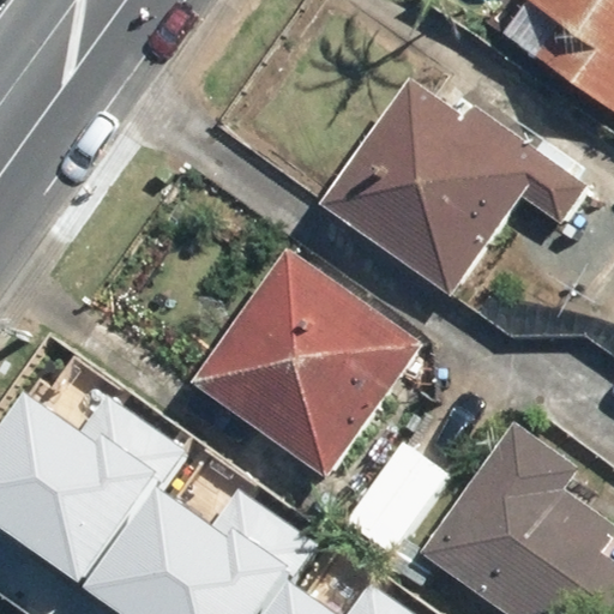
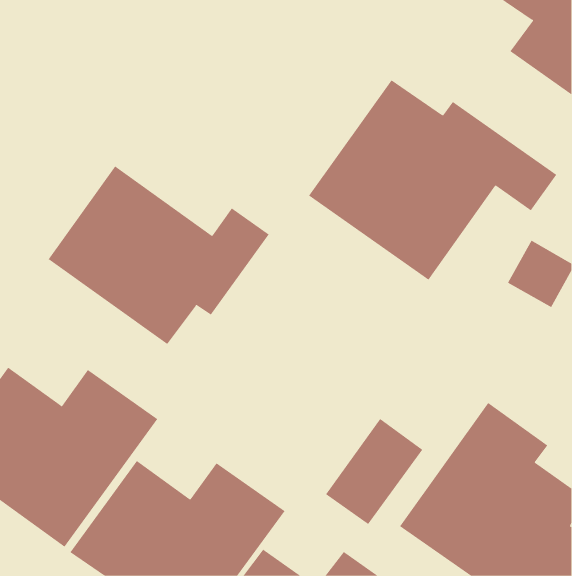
building: none -> [48,166,270,345]
building: [192,248,425,481] -> none

